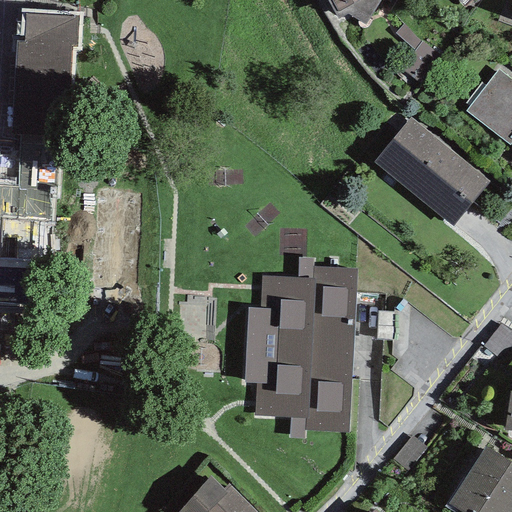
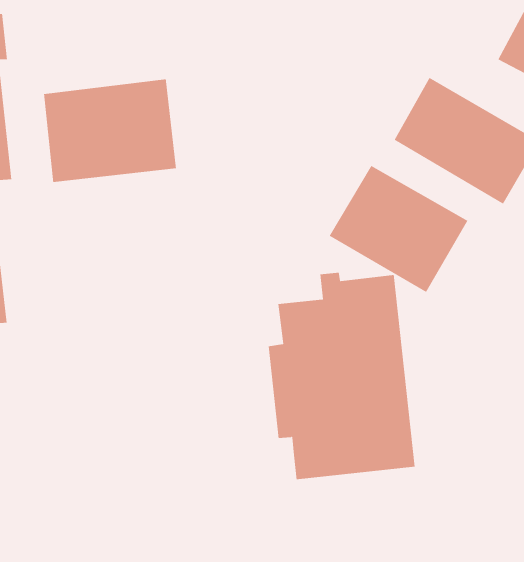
building: none -> [44,78,176,183]
building: none -> [329,165,468,293]

